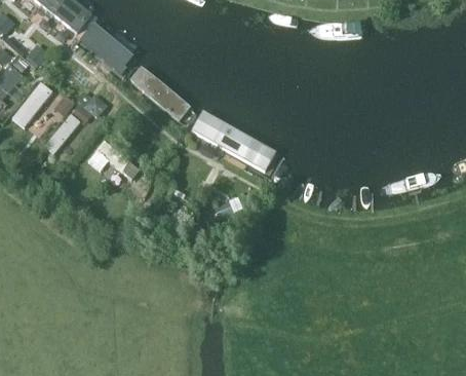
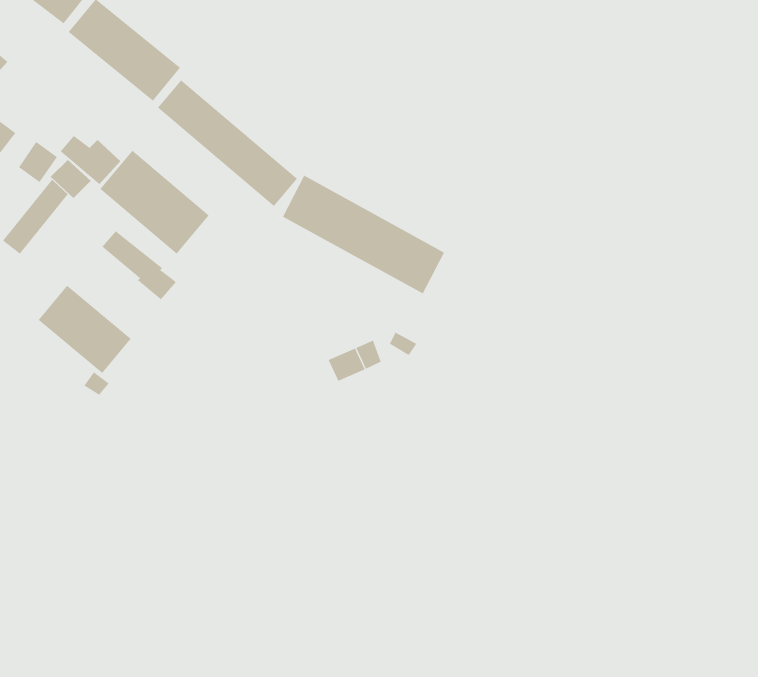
building: none -> [99,150,210,255]
building: none -> [38,285,131,374]

